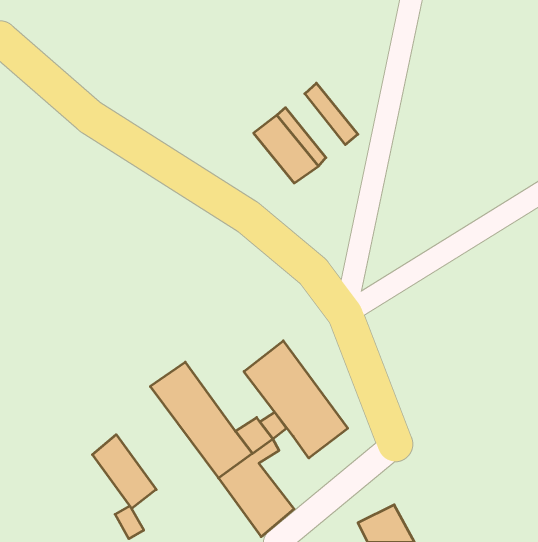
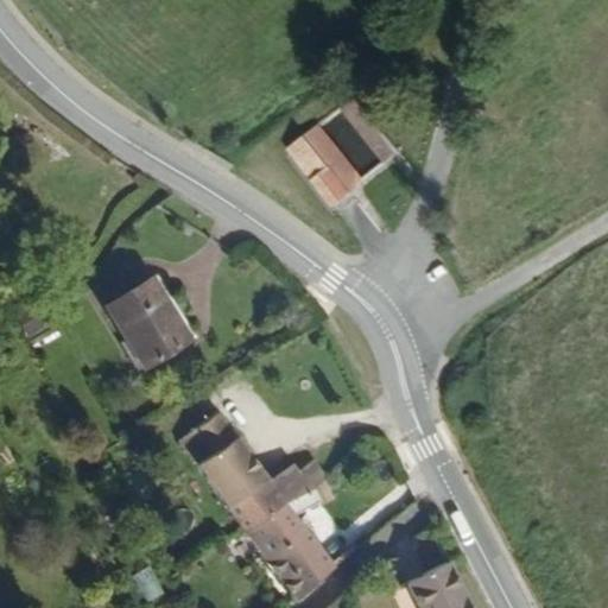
building: none -> [106,280,189,368]
building: [244,341,348,458] -> none
building: [92,435,156,508] -> none

